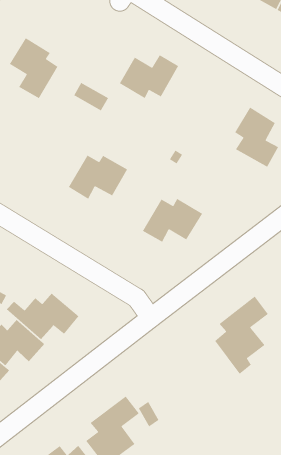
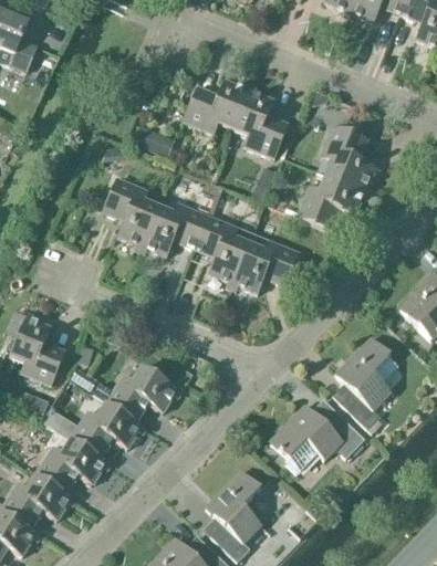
building: [9,37,58,99] -> [103,178,159,245]
building: none -> [233,91,289,158]
building: none -> [298,176,365,230]
building: none -> [195,216,250,283]
building: none -> [270,399,365,472]

